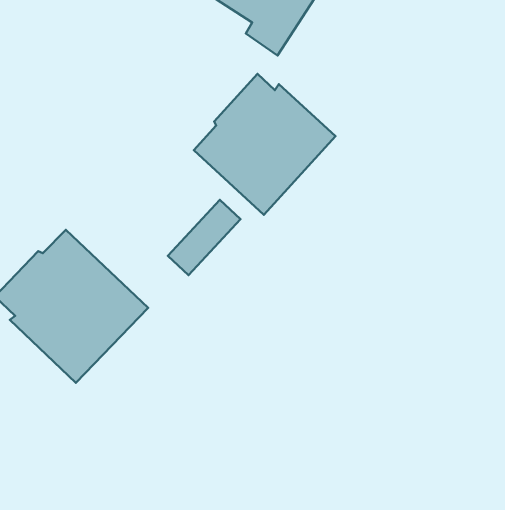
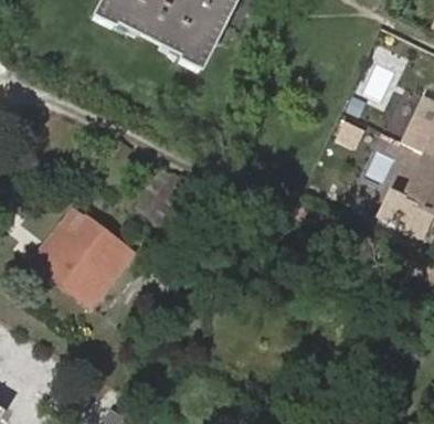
building: [194,74,335,215] -> none

